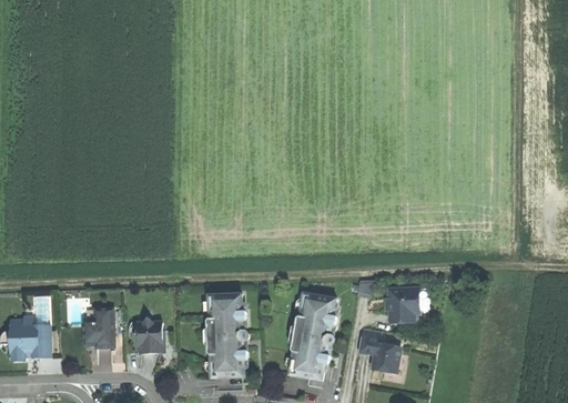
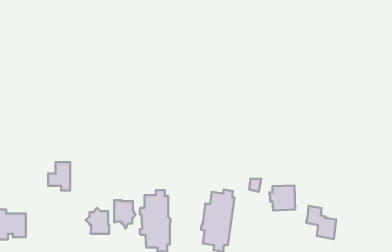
building: none -> [114,200,135,228]
building: [82,309,112,347] -> [48,162,70,191]
building: [357,328,398,373] -> [306,206,336,239]

